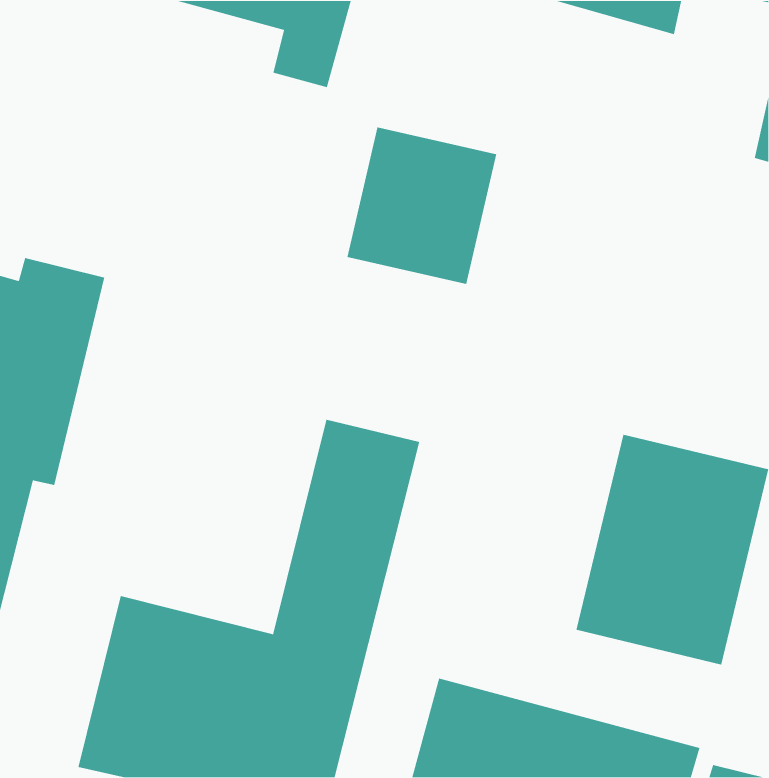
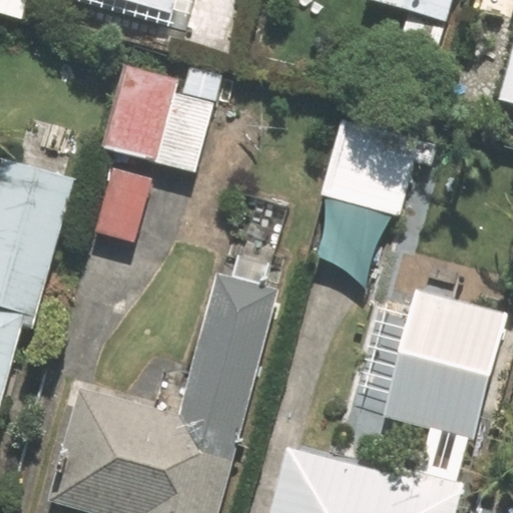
building: none -> [89,61,223,245]
building: [346,126,497,285] -> [318,113,417,217]

